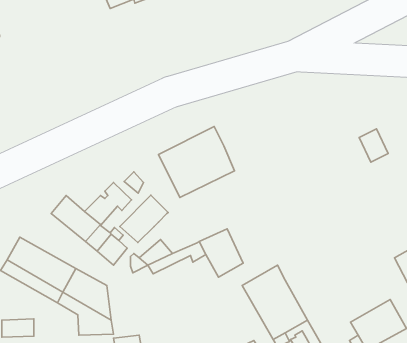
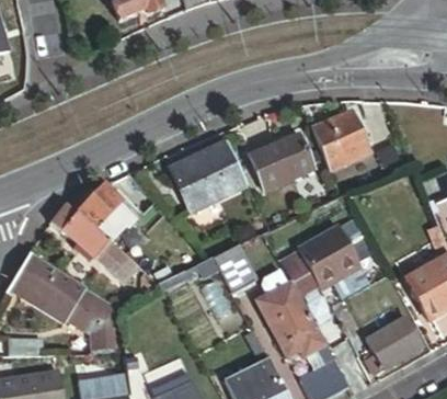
building: none -> [312,113,370,173]
building: none -> [249,135,313,191]
building: [120,195,168,243] -> [76,179,125,227]
building: none -> [279,216,376,297]

